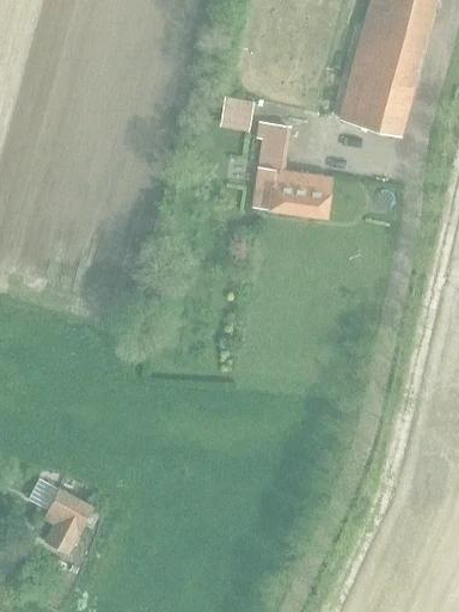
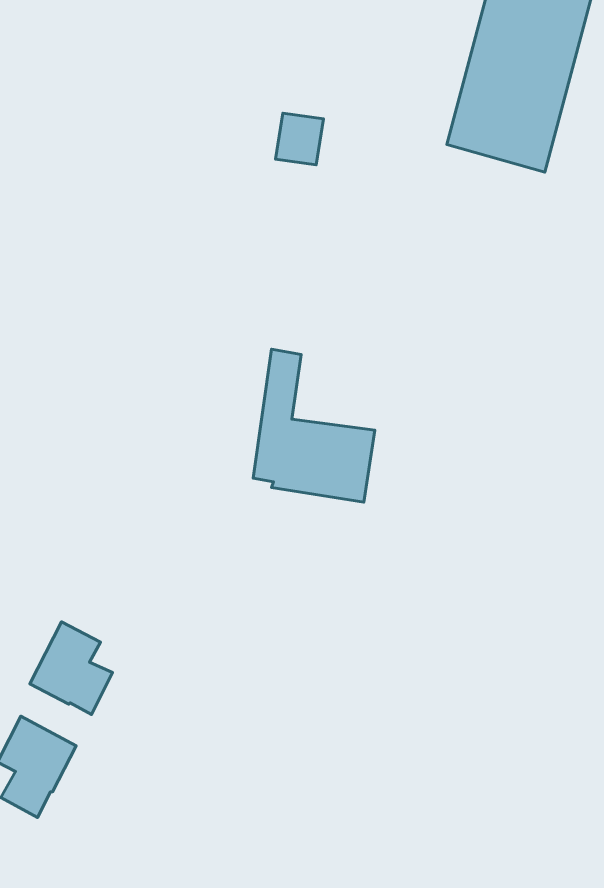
building: [253,121,332,220] -> [253,349,375,502]
building: none -> [30,622,112,715]

